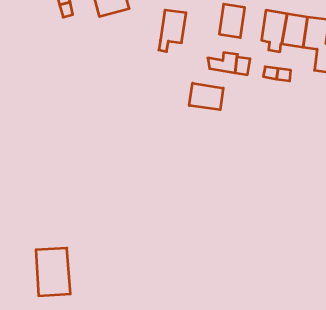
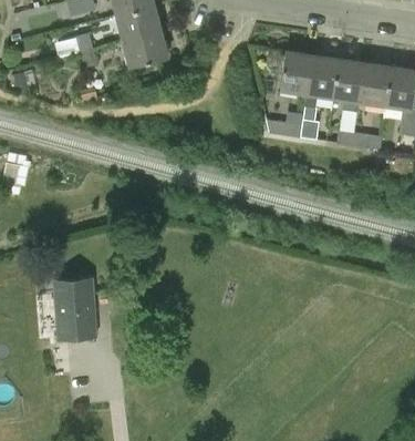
building: [159,10,186,52] -> [304,57,339,109]
building: [189,83,223,110] -> none
building: [36,248,70,296] -> [53,279,96,339]

